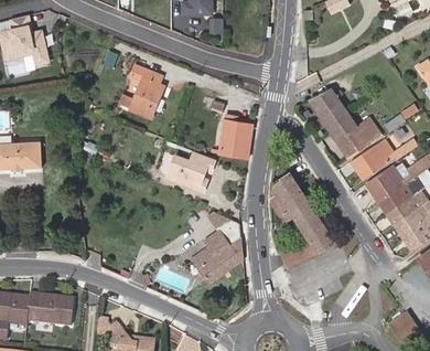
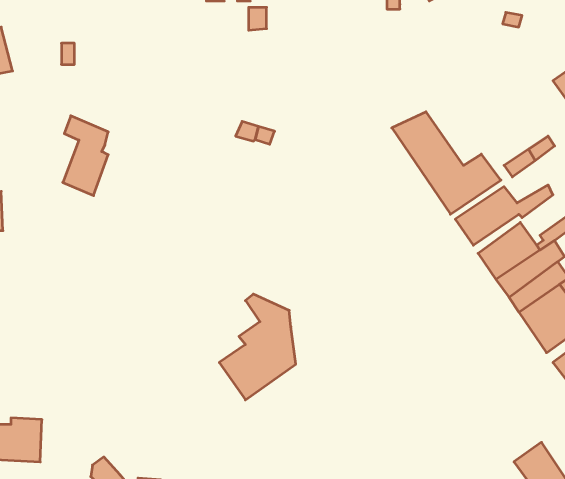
building: [130,64,161,118] -> [63,116,108,196]
building: [218,120,252,158] -> none
building: [166,151,215,191] -> none
building: [270,172,335,267] -> none

